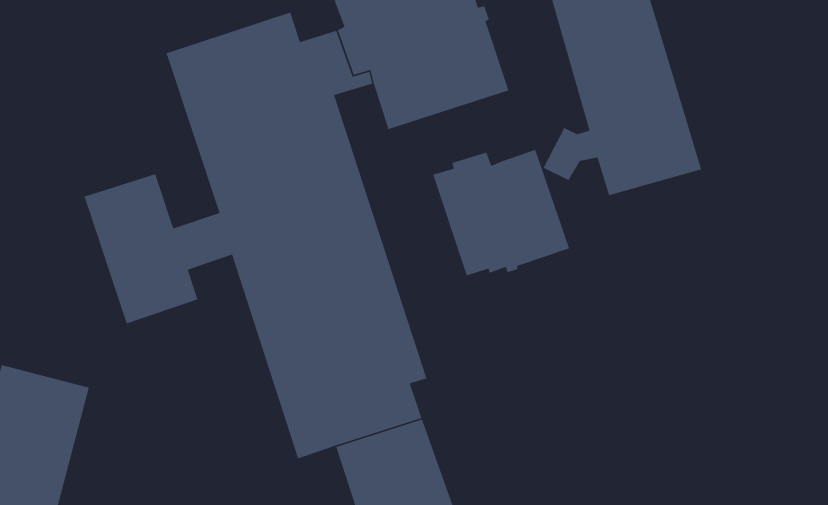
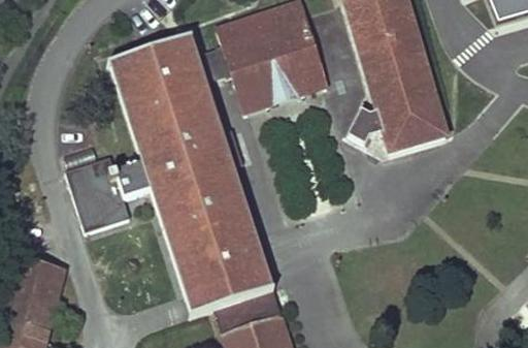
building: [432,149,570,276] -> none

